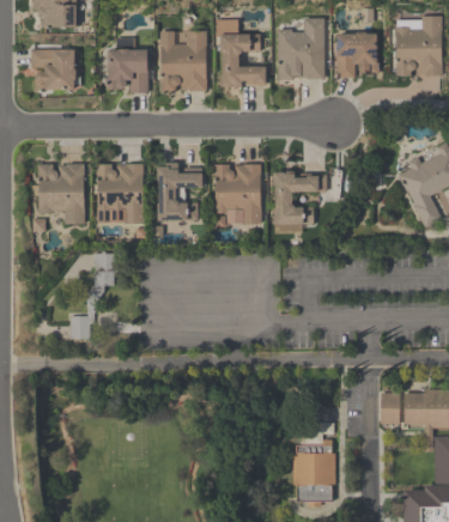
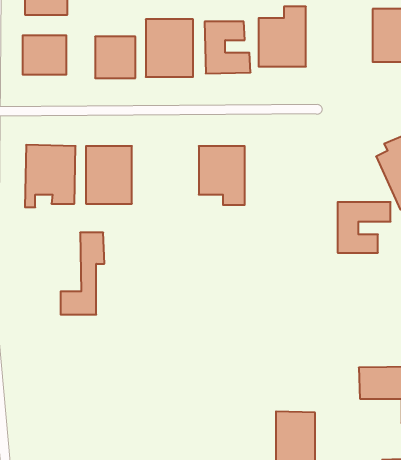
building: [336,34,378,77] -> none
building: [157,163,204,221] -> none
building: [273,171,328,224] -> [338,202,391,253]

